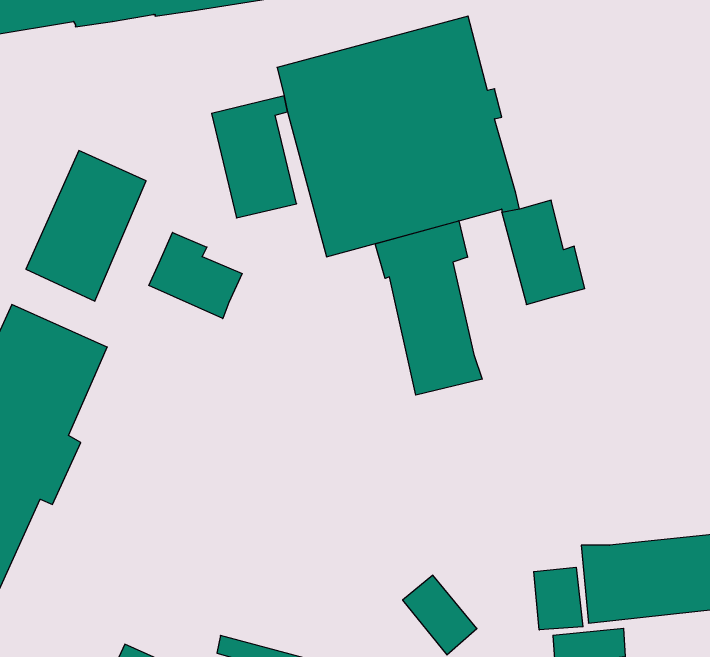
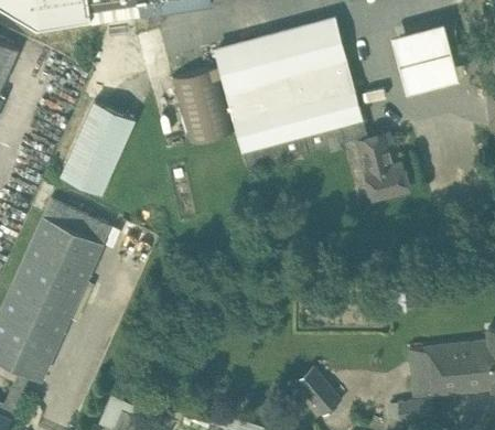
building: none -> [389,20,459,92]
building: [375,221,482,395] -> none
building: [149,232,242,319] -> none
building: [534,567,583,630] -> none

